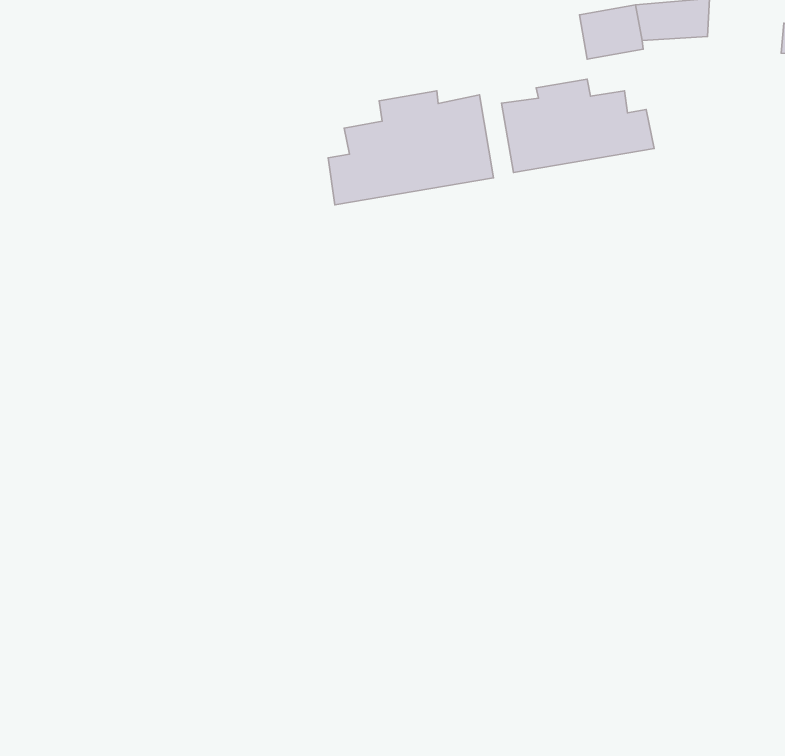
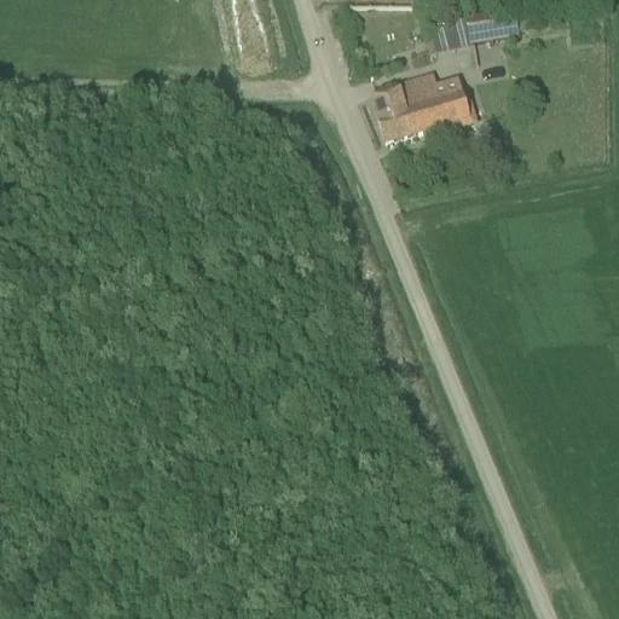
building: [328,91,493,205] -> none

